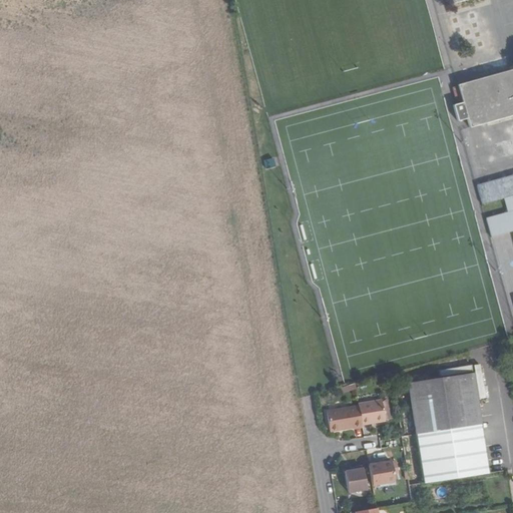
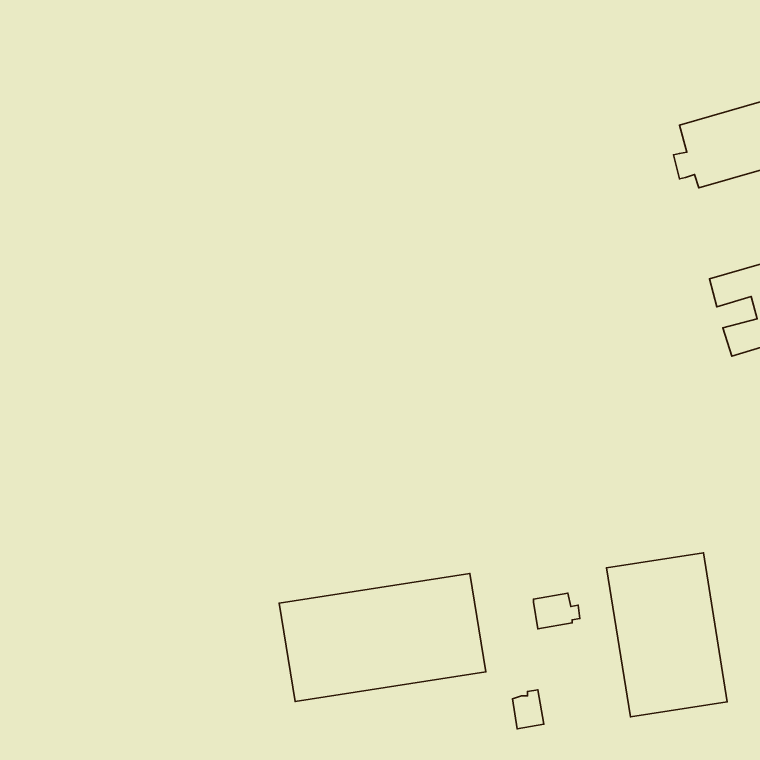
building: none -> [279,573,486,701]
building: [328,405,364,429] -> none
building: [370,459,399,483] -> none

